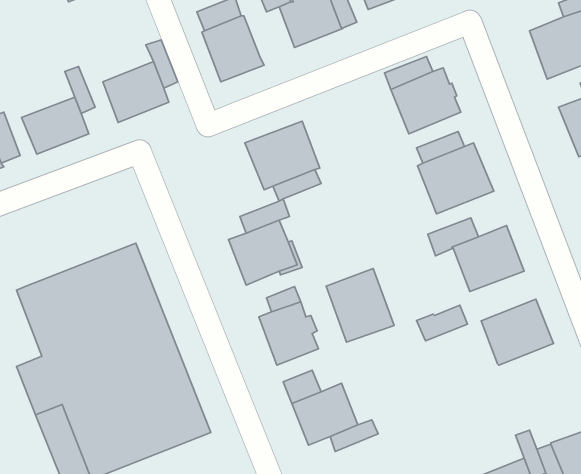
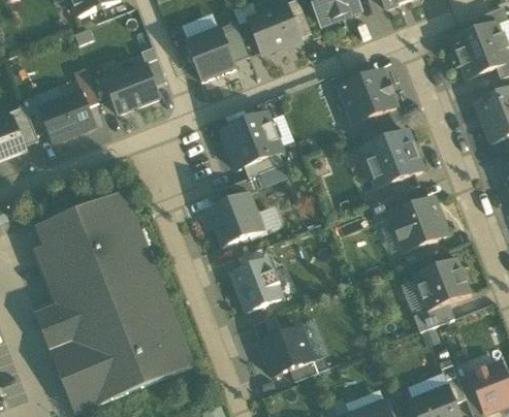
building: none -> [220,22,249,62]
building: none -> [35,193,132,248]
building: [326,269,394,342] -> none
building: [417,305,467,341] -> [413,303,454,332]

